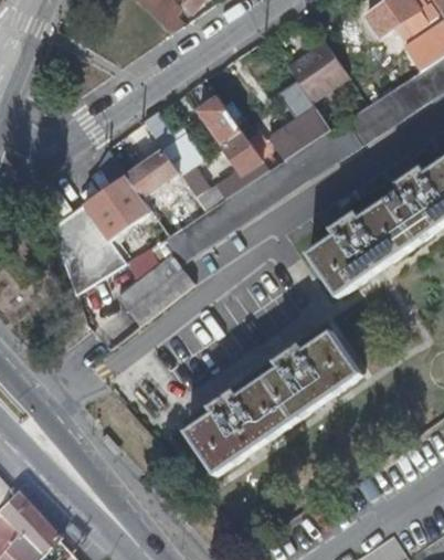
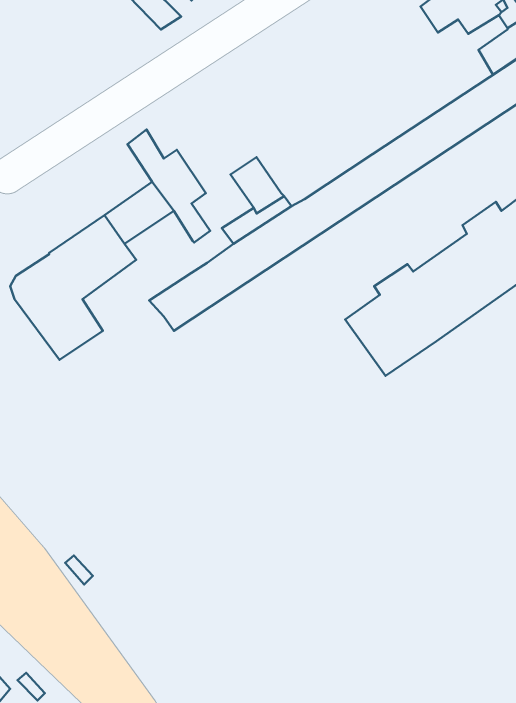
building: [287,40,348,99] -> none
building: [199,95,242,144] -> none
building: [268,106,330,162] -> none
building: [115,252,193,325] -> none
building: [188,331,362,475] -> none

